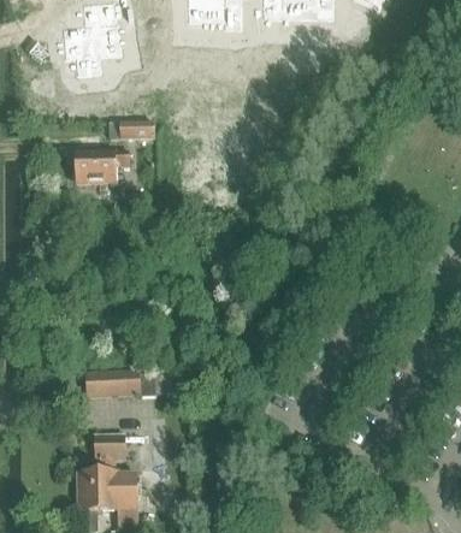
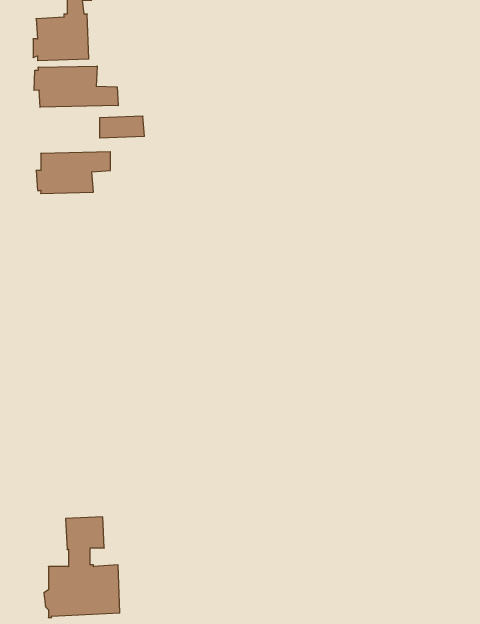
building: none -> [34,66,118,107]
building: [84,369,138,396] -> none

